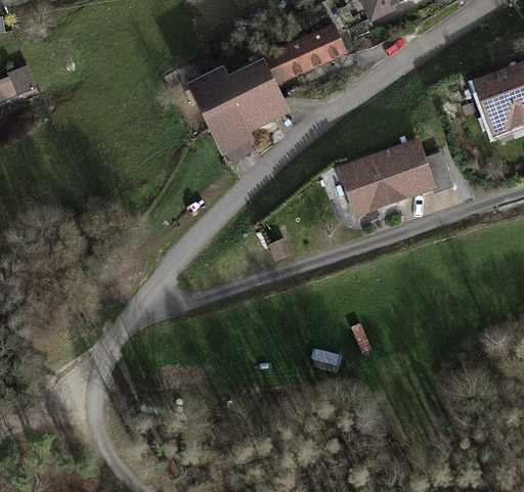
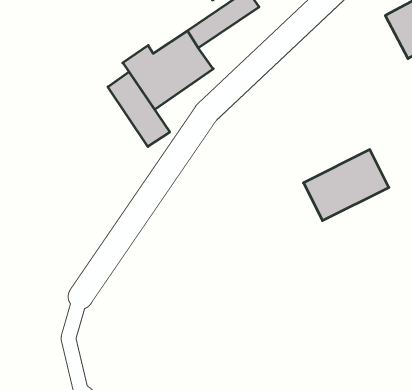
building: none -> [108,72,170,147]
building: [342,140,433,210] -> [303,150,389,221]

